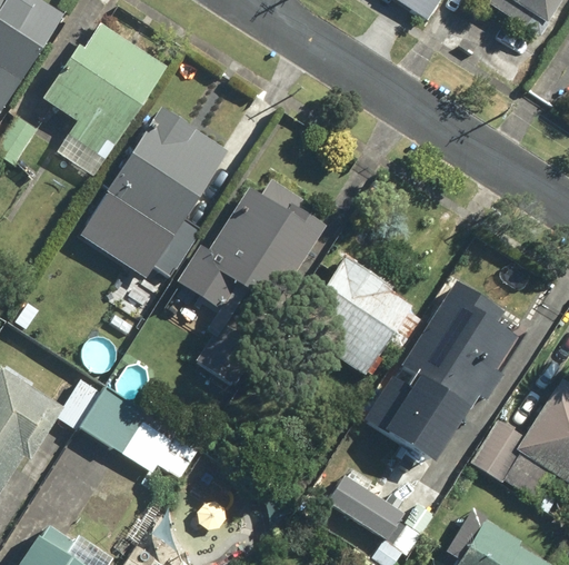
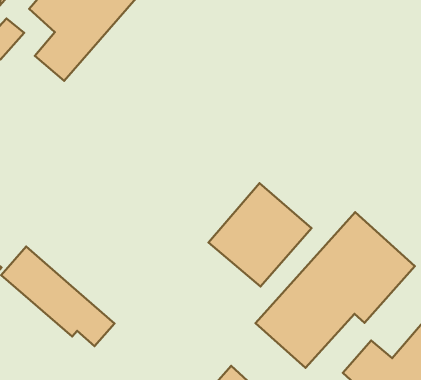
building: [79,108,226,276] -> none
building: [177,177,326,386] -> none

